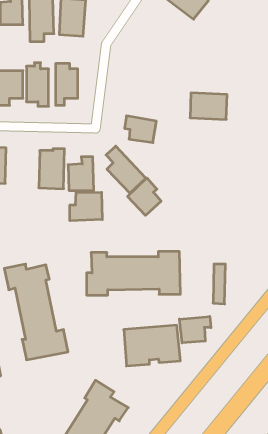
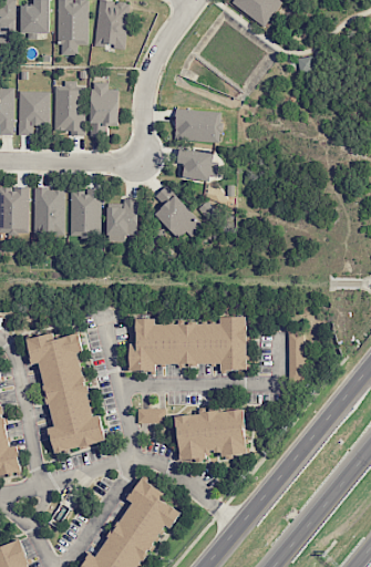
building: [190,93,227,119] -> [174,109,220,142]
building: none -> [32,188,64,235]
building: [128,178,161,215] -> none
building: [70,192,102,221] -> none
building: [179,316,211,343] -> none
building: none -> [136,408,165,423]

